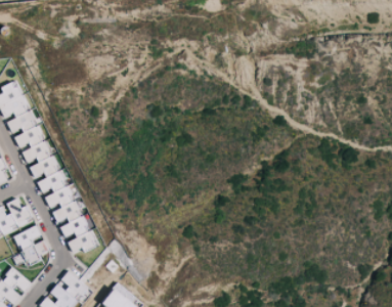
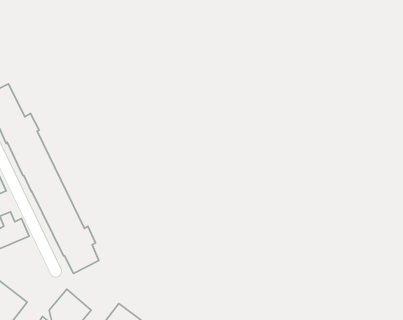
building: [11,226,47,267] -> none

